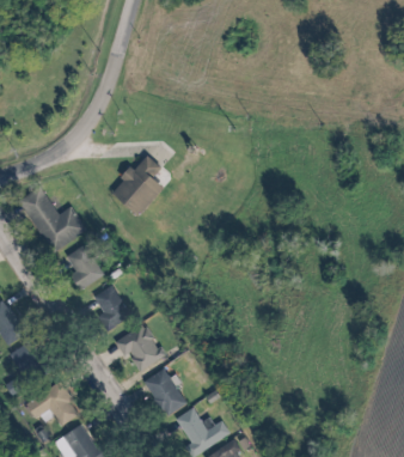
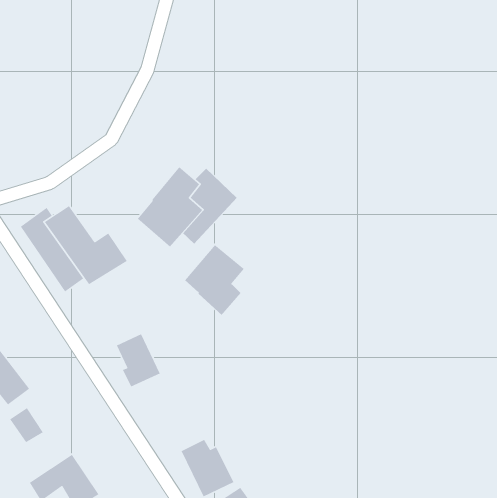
building: none -> [184,244,245,316]
building: [66,245,103,291] -> none
building: [115,323,164,372] -> none

